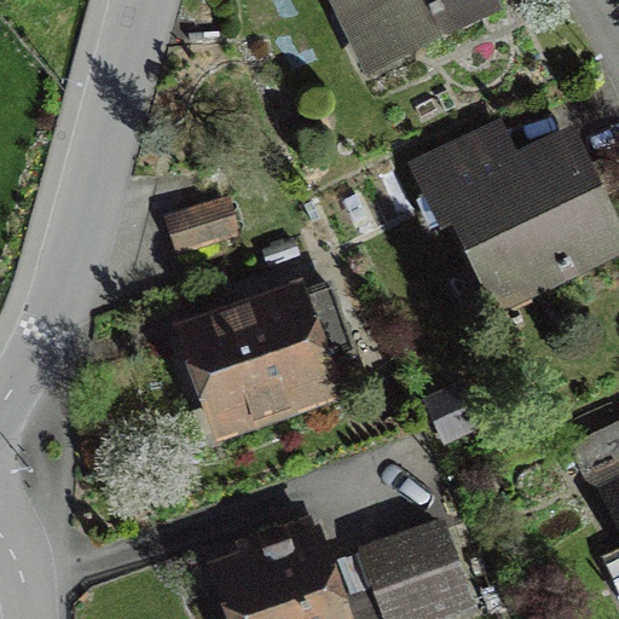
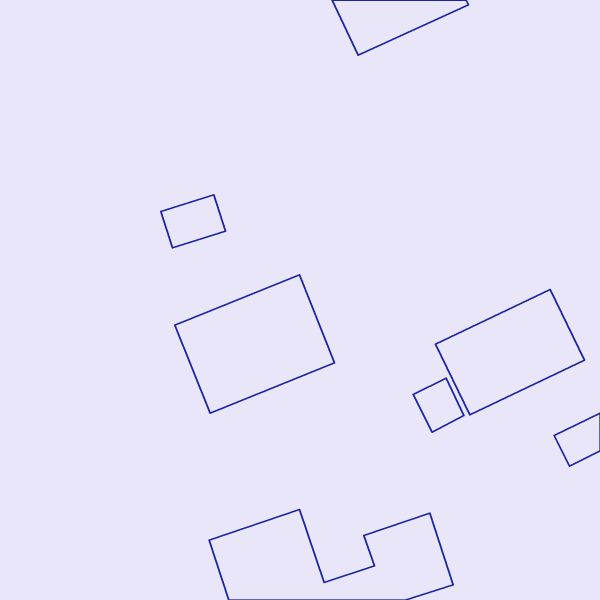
building: [417,134,611,297] -> none
building: none -> [436,289,584,415]

